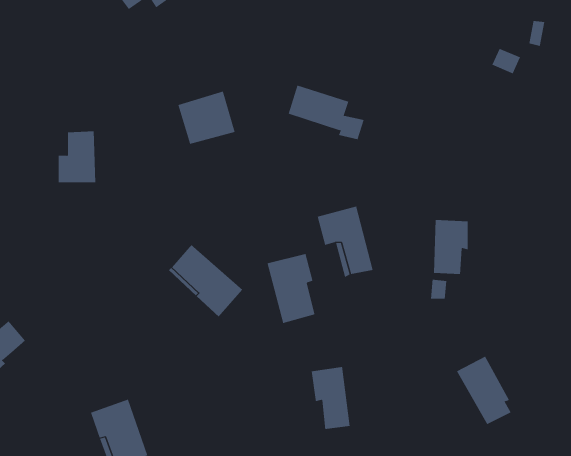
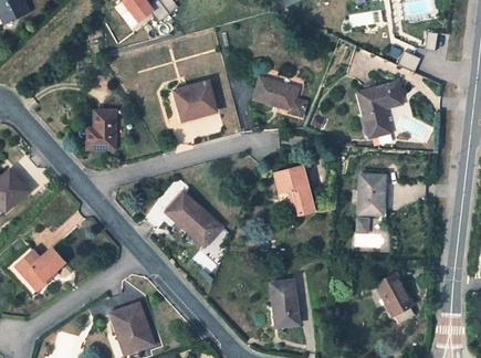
building: none -> [358,83,401,137]
building: [267,253,315,324] -> none

